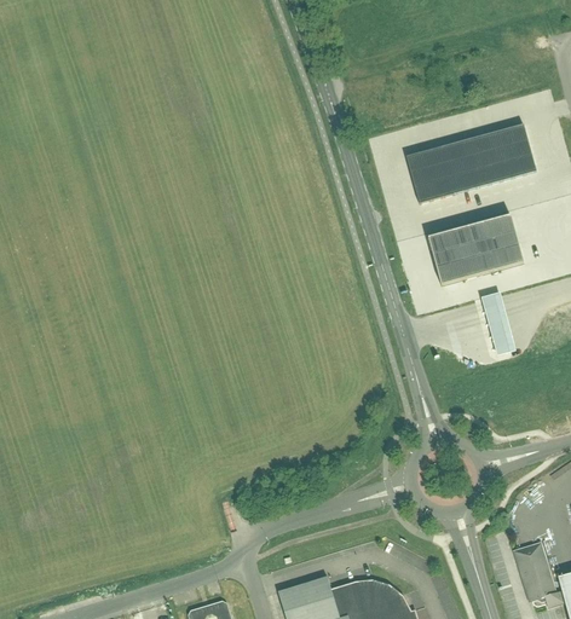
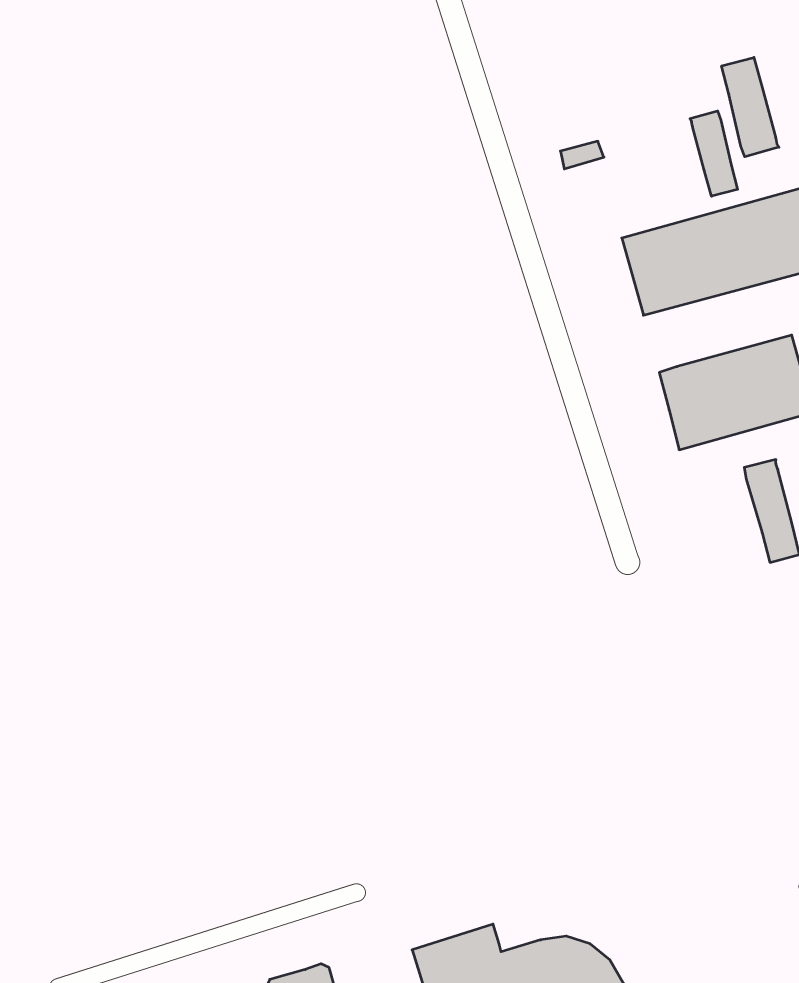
building: none -> [722,57,779,157]
building: none -> [690,111,738,196]

